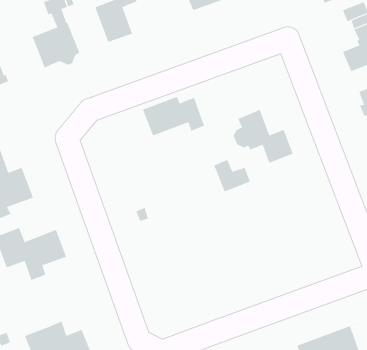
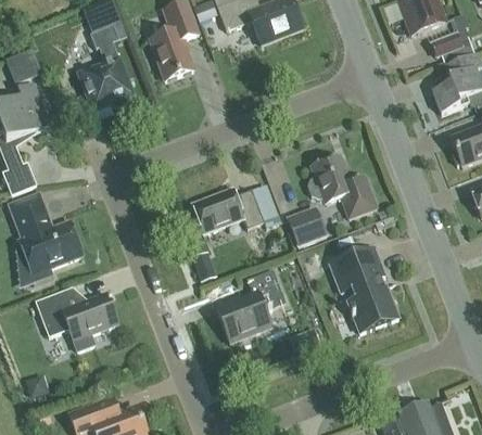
building: [142,96,205,136] -> [192,187,264,232]
building: none -> [330,245,398,334]
building: none -> [216,268,286,341]

